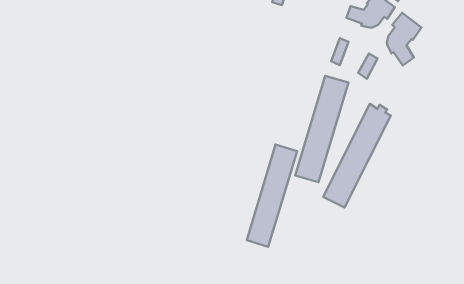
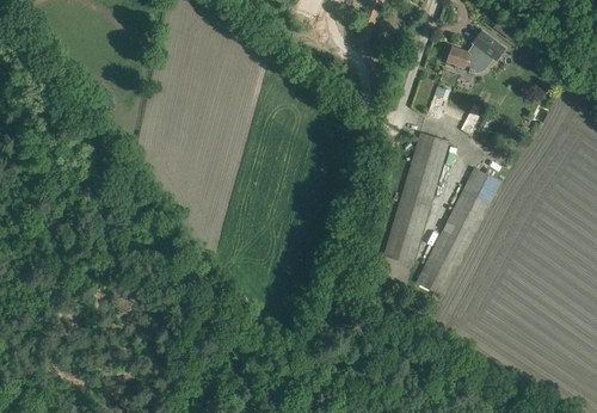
building: [387,13,421,66] -> none
building: [247,145,297,247] -> none

